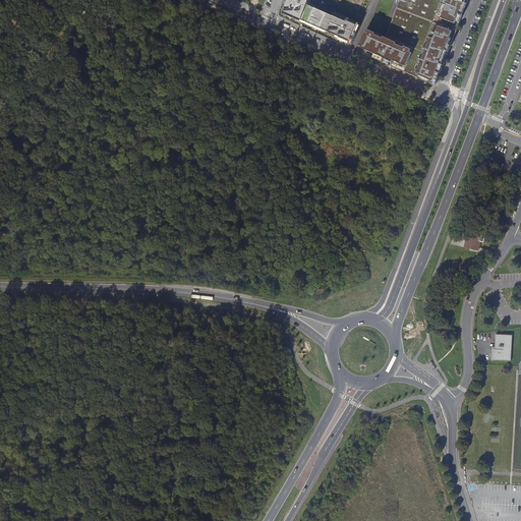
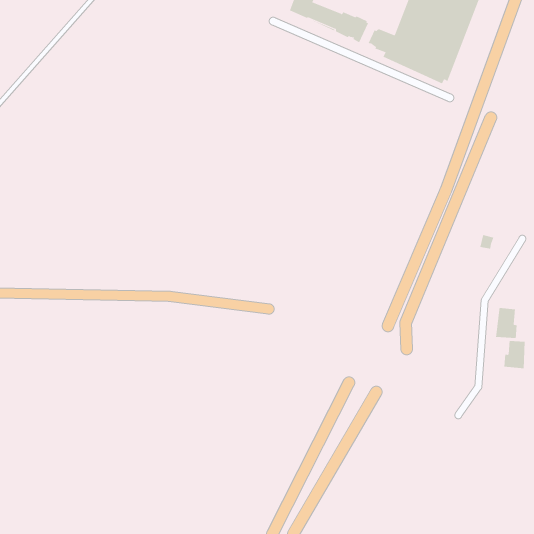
building: none -> [496,307,517,339]

